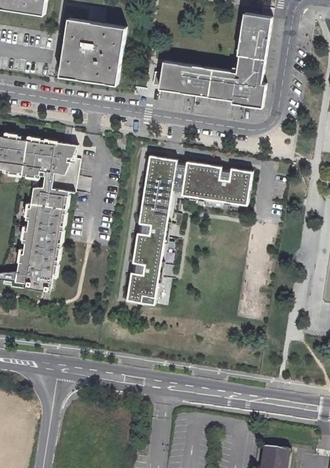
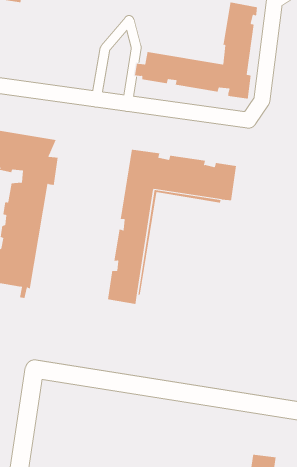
building: [60,18,126,84] -> none

